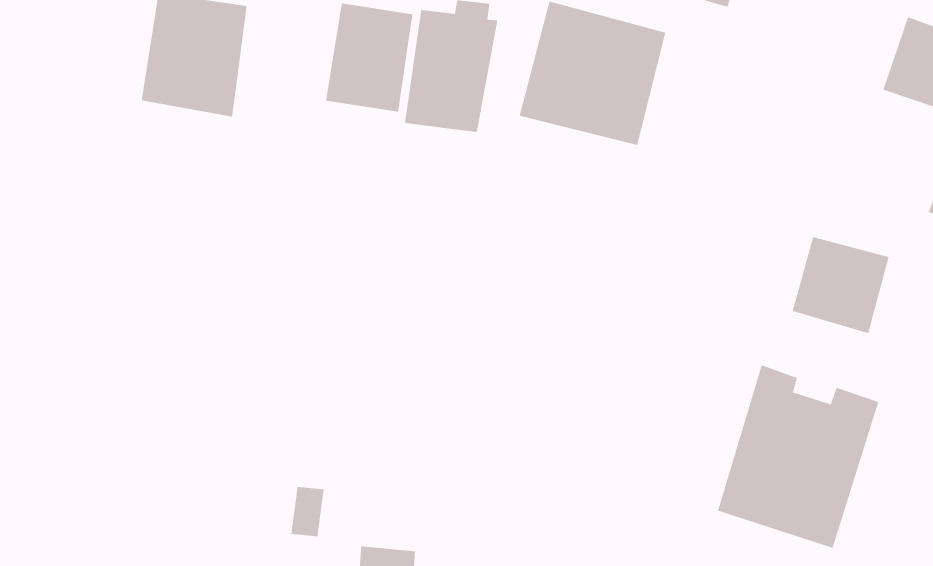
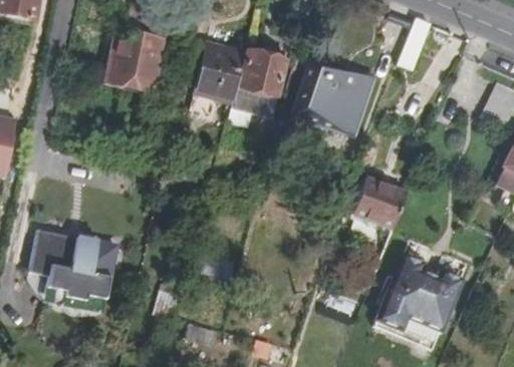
building: [792,236,889,334] -> [354,175,408,229]
building: none -> [29,232,117,302]

